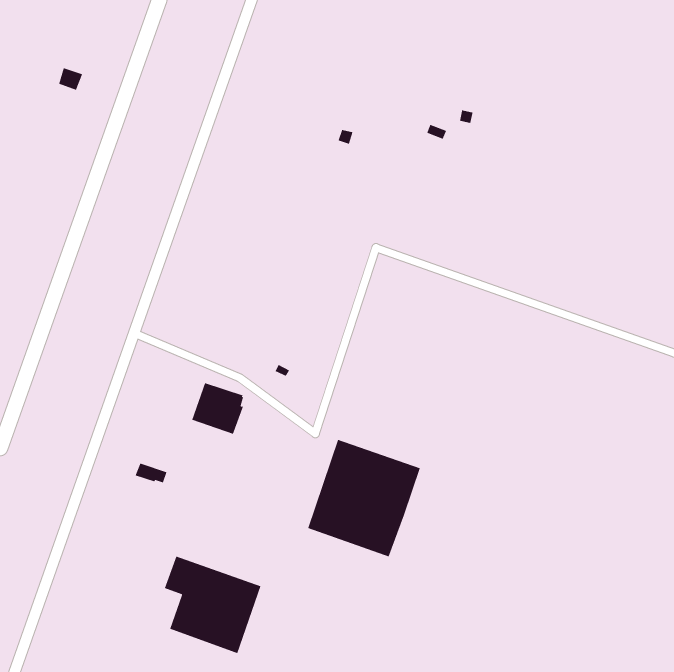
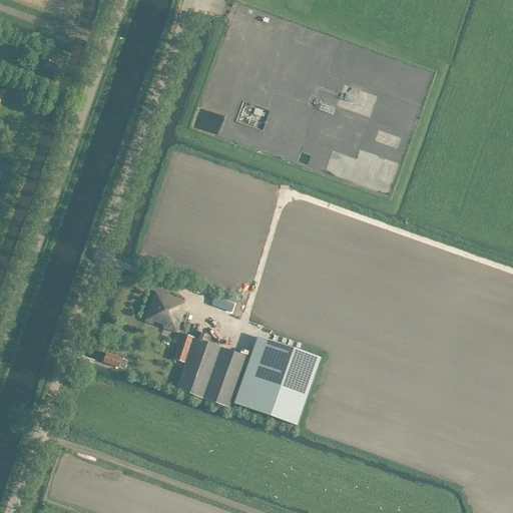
building: [164,555,262,654] -> [172,332,246,407]

